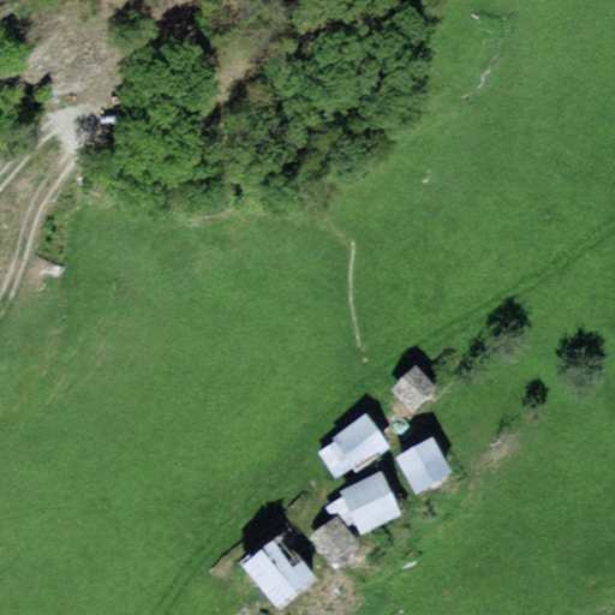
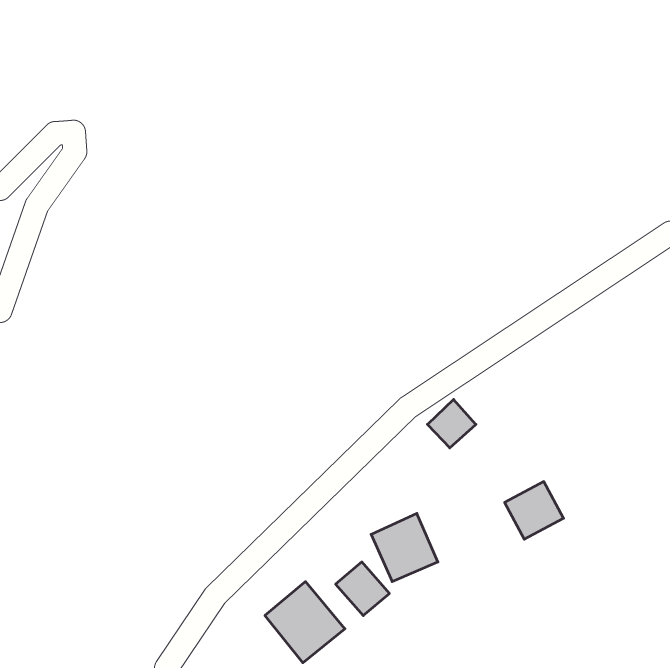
building: [320,413,389,478] -> none
building: [396,438,450,491] -> [505,482,564,539]

